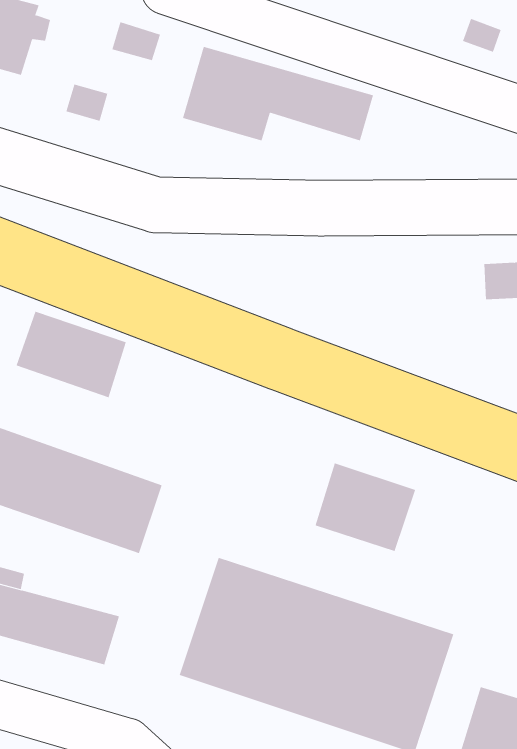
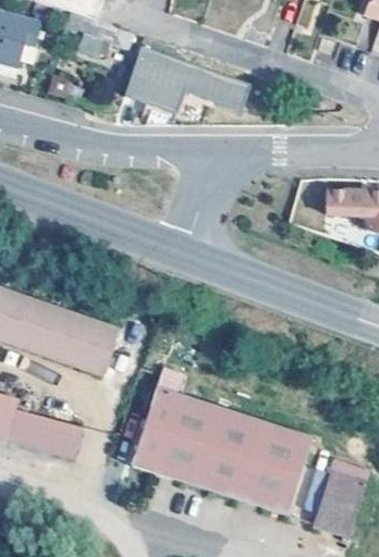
building: [16,311,126,398] -> none
building: [315,462,416,552] -> none

